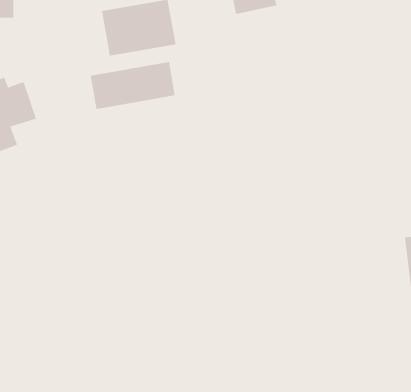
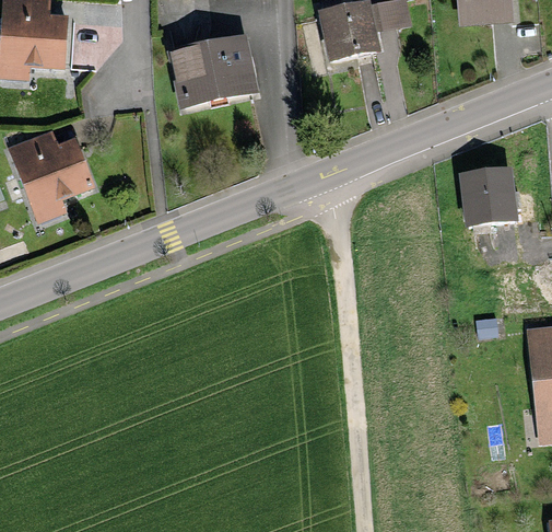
building: [90,61,175,110] -> none
building: none -> [465,167,517,220]

